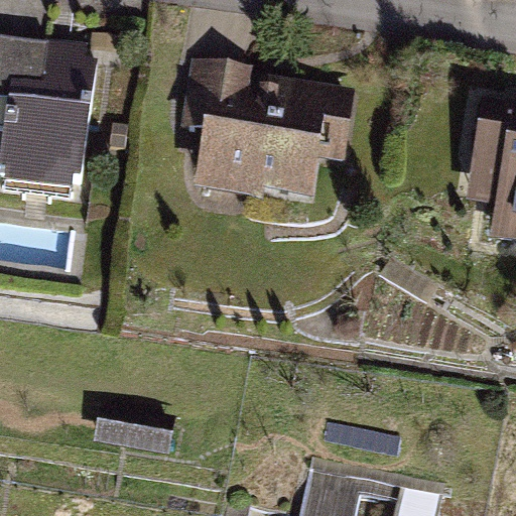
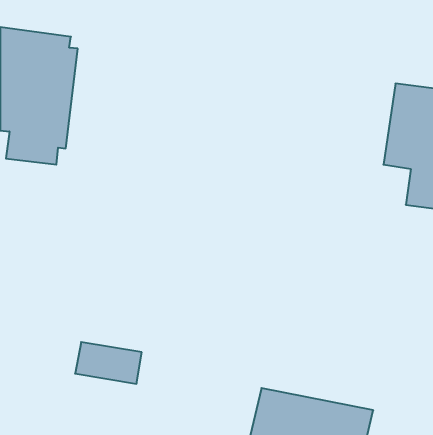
building: [177,55,358,199] -> none

